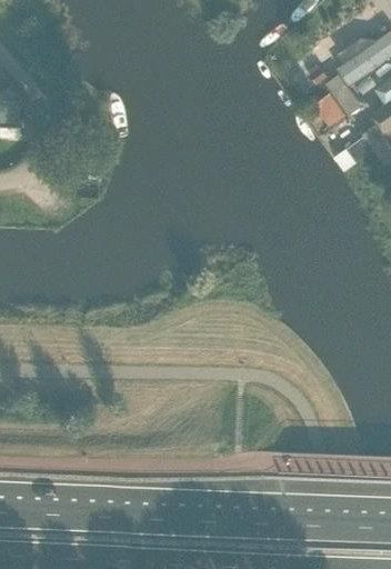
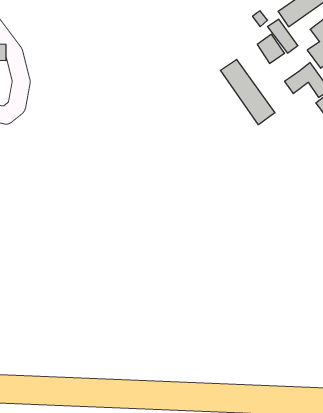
building: none -> [220,59,275,125]

